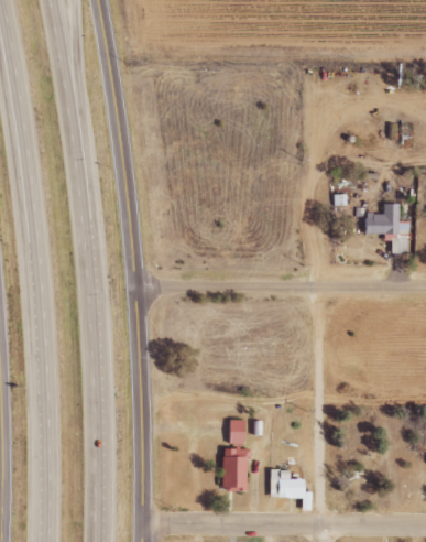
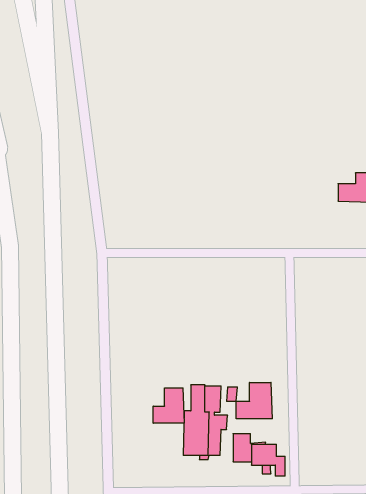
building: none -> [236,382,272,419]
building: none -> [153,388,184,423]

